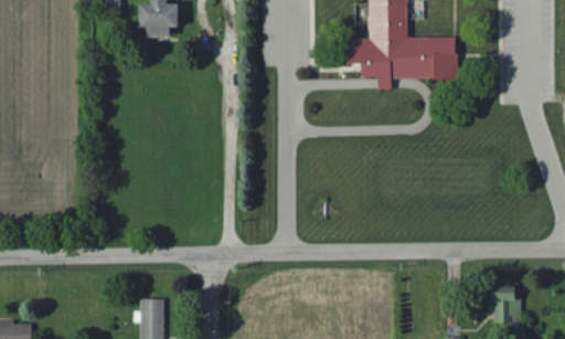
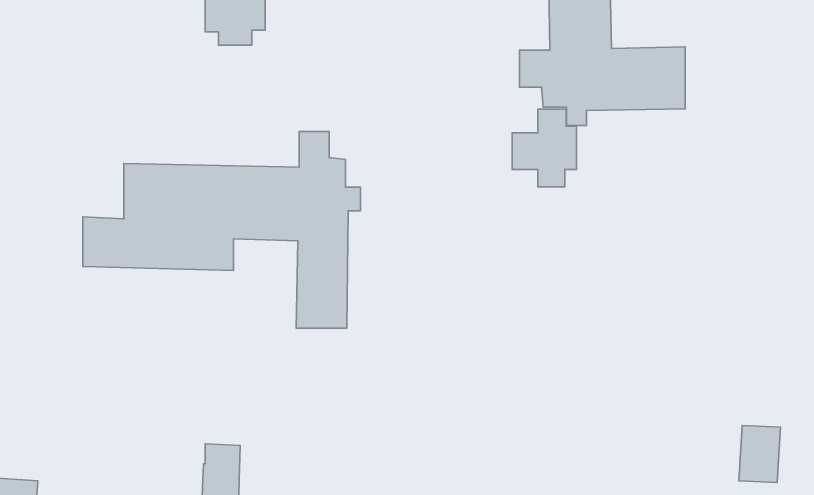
building: none -> [512,109,577,187]
building: none -> [83,132,361,328]

